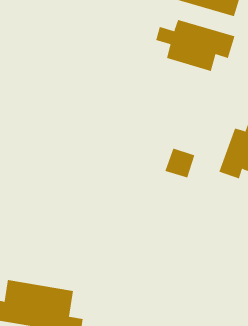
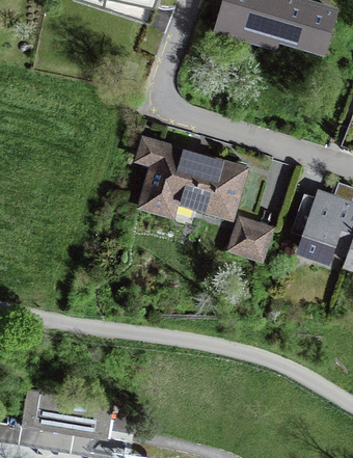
building: [155,19,235,72] -> none
building: none -> [136,141,243,218]

